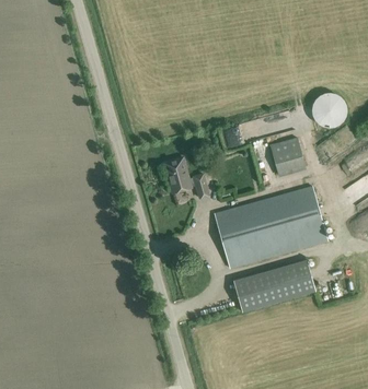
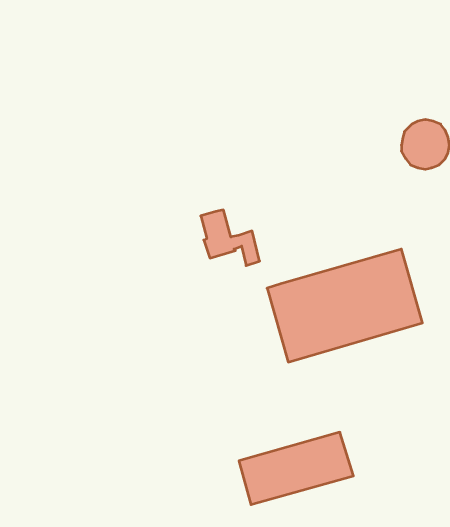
building: [271,137,307,177] -> none
building: [233,259,317,311] -> [239,432,353,505]

